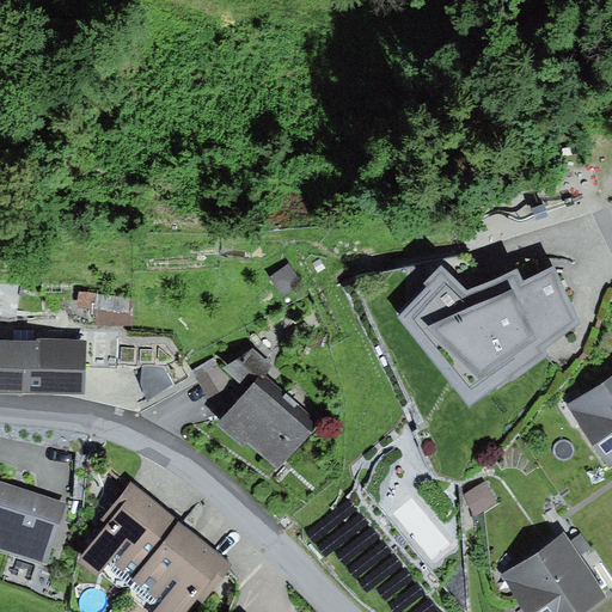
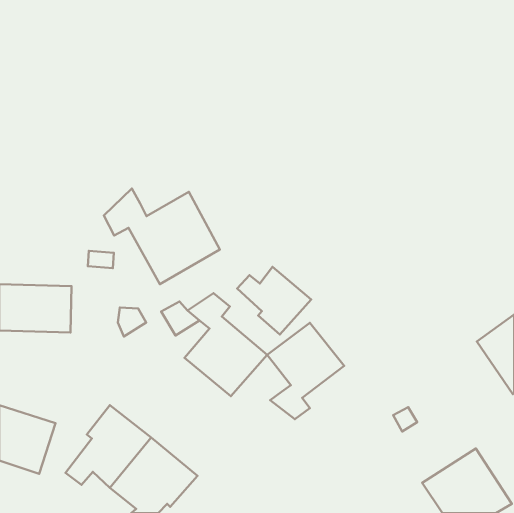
building: none -> [104,189,220,284]
building: [397,264,580,406] -> none
building: none -> [237,267,311,335]
building: none -> [267,323,344,419]

